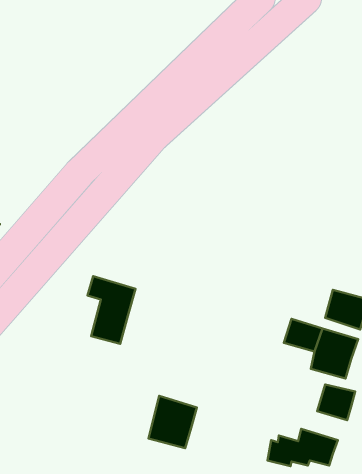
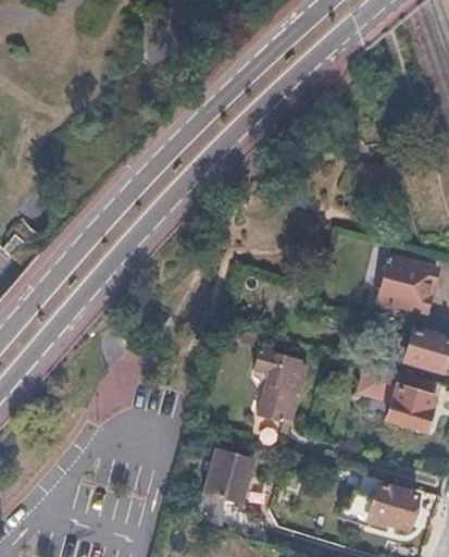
building: none -> [377,259,437,313]
building: [87,276,136,344] -> [257,352,311,429]
building: [317,385,355,420] -> none

